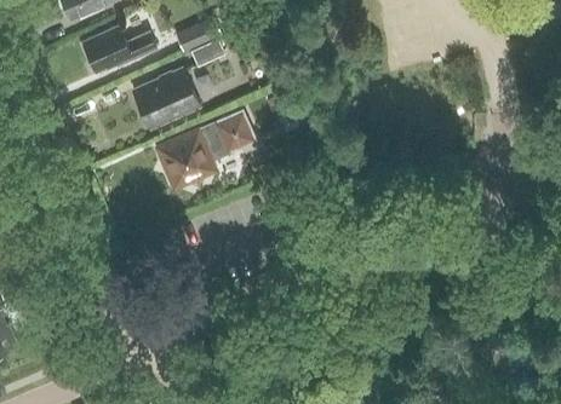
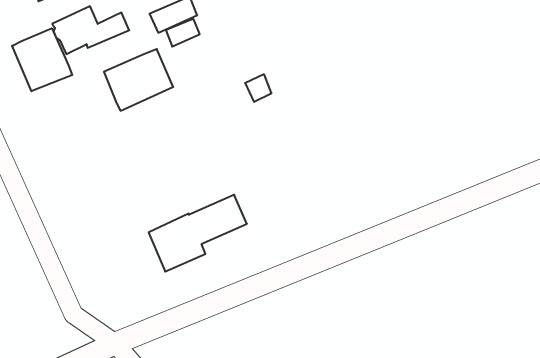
building: none -> [12,28,72,91]
building: [160,112,254,186] -> [149,195,247,272]

